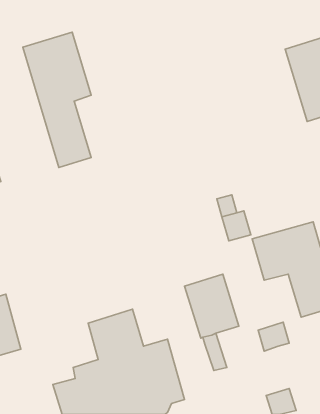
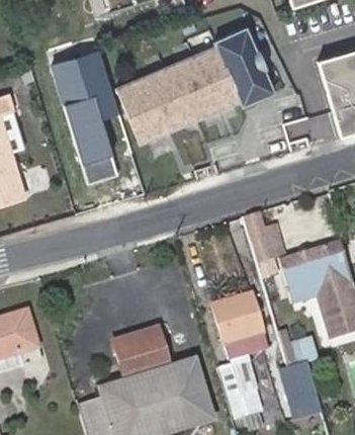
building: none -> [118,26,273,142]
building: none -> [219,362,260,411]
building: none -> [280,364,316,405]

